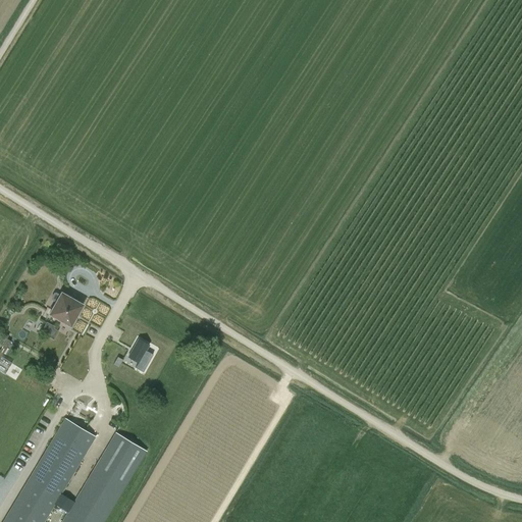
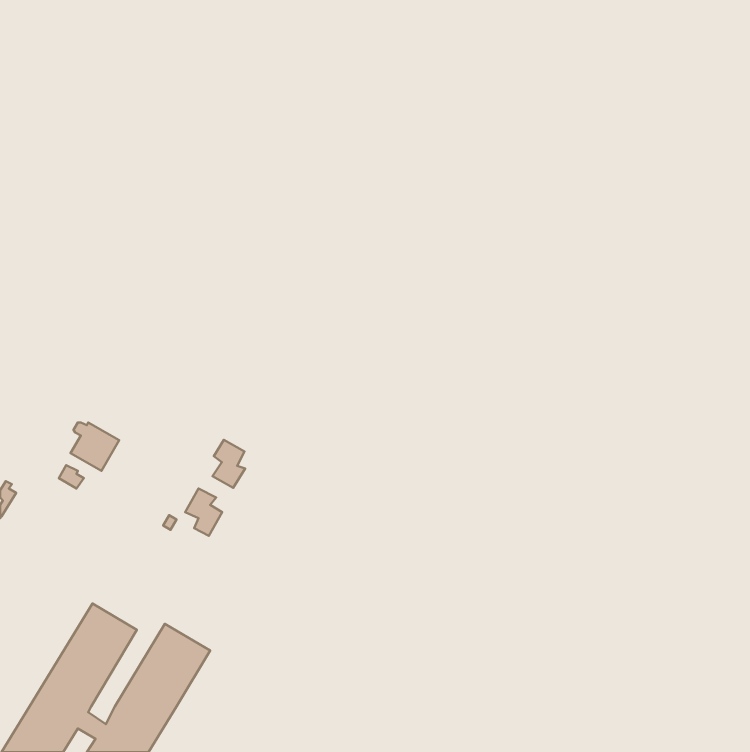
building: none -> [212,440,245,488]

